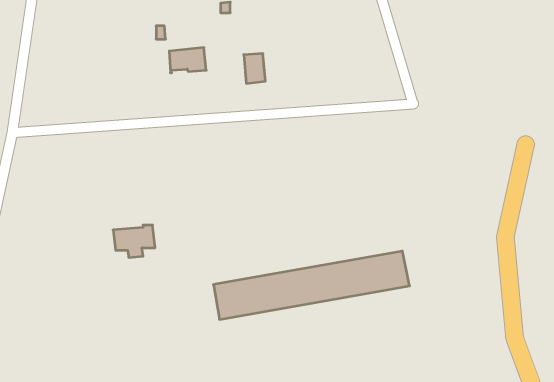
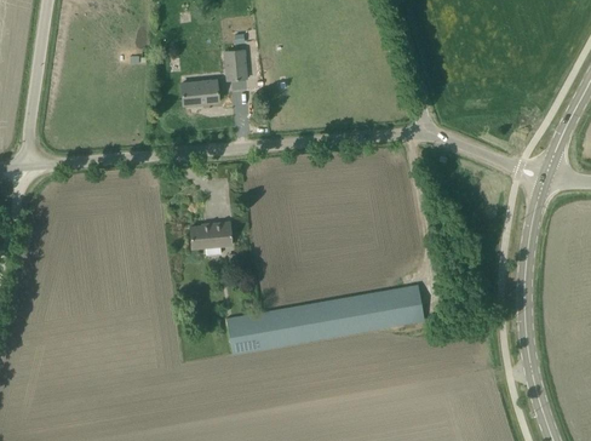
building: [244,54,265,83] -> [225,50,247,80]
building: [113,225,155,257] -> [190,222,233,254]

